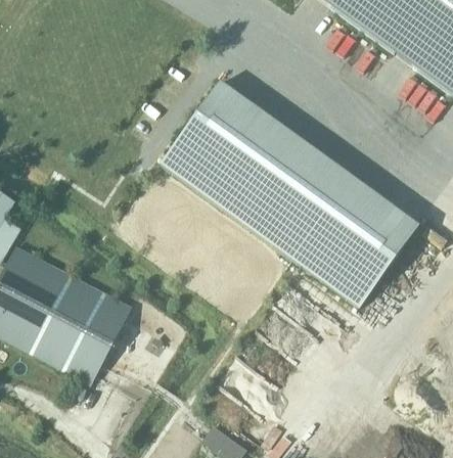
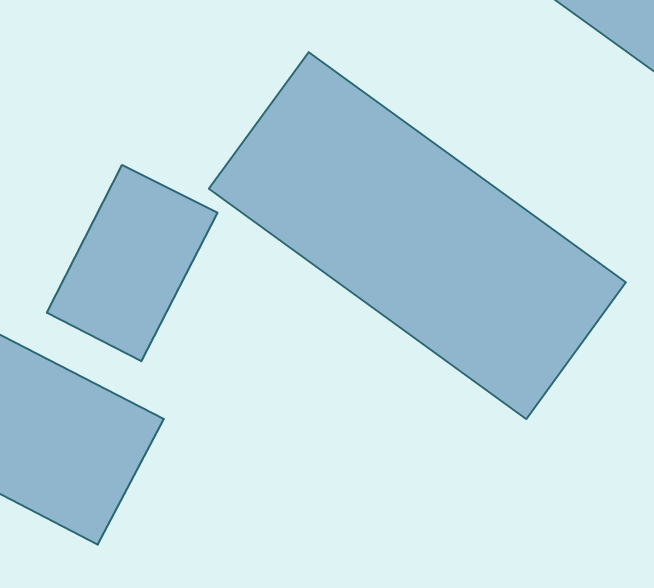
building: none -> [47,165,217,361]

